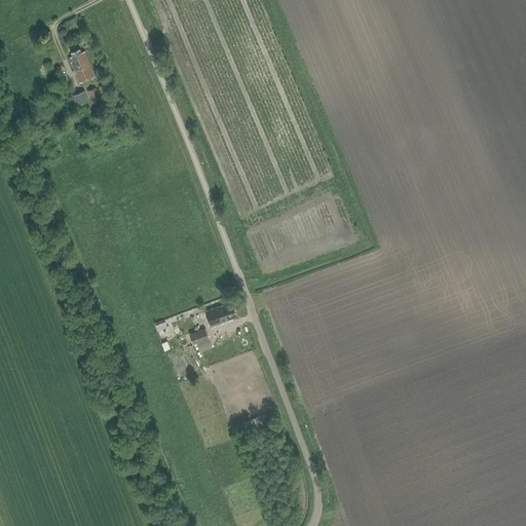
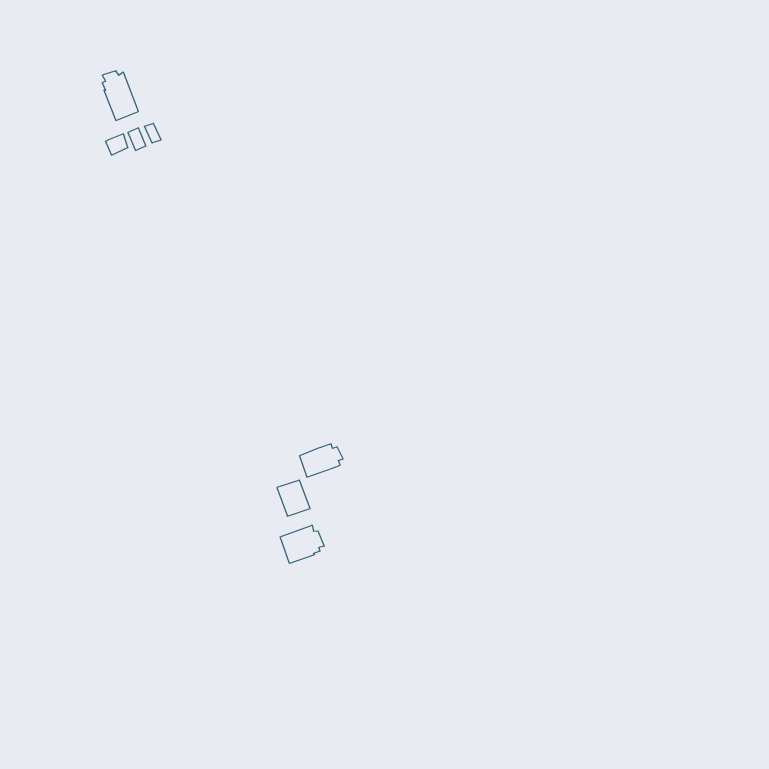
building: none -> [280,525,324,563]

